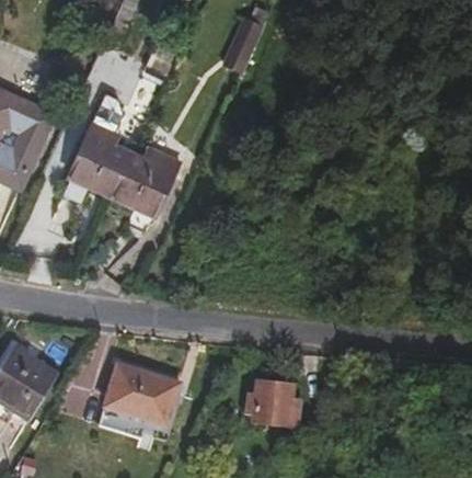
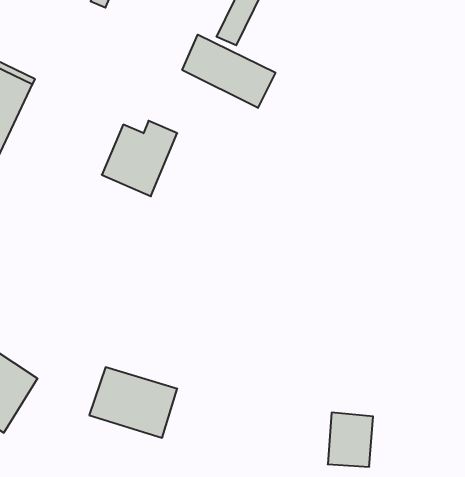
building: none -> [182,35,275,108]
building: [62,122,131,203] -> none
building: [253,379,292,426] -> [328,413,373,467]

